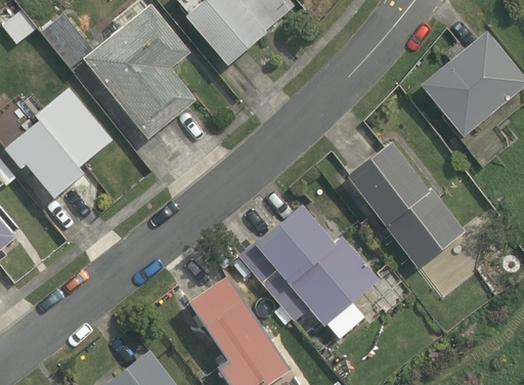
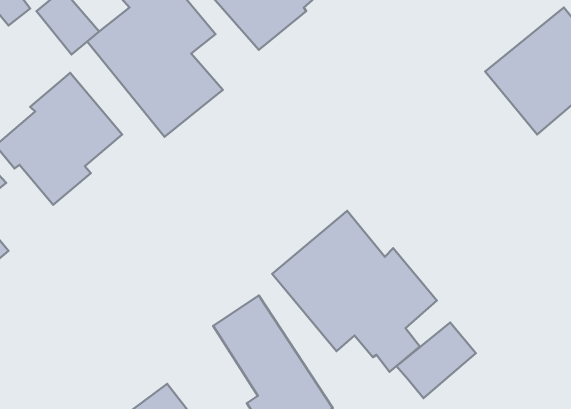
building: [346,140,465,269] -> none
building: none -> [397,323,476,398]

